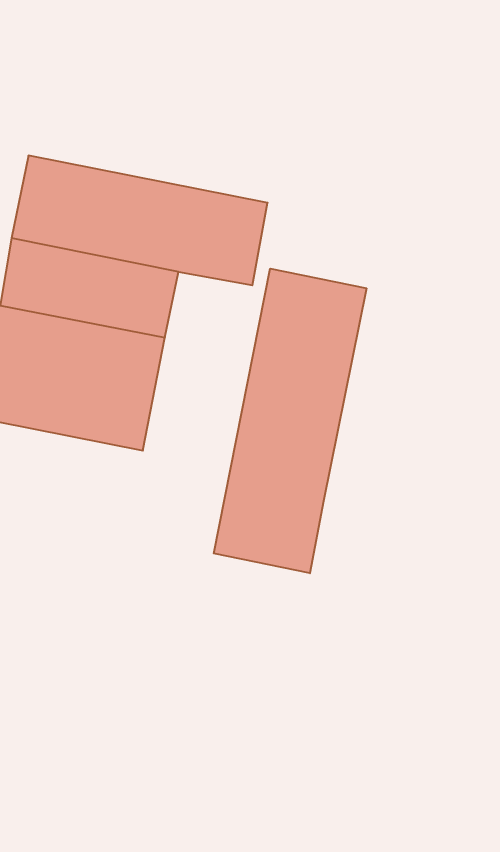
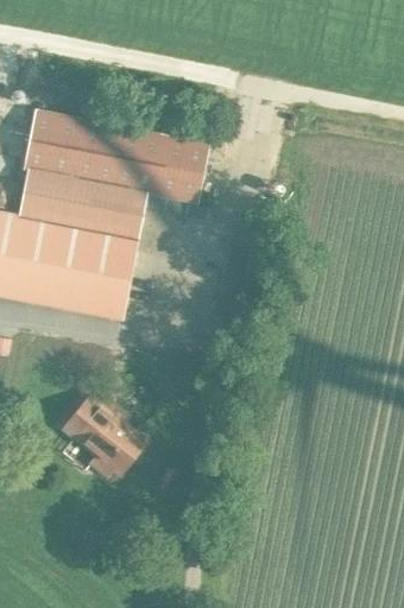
building: [214,269,366,573] -> none
building: none -> [62,395,144,479]

